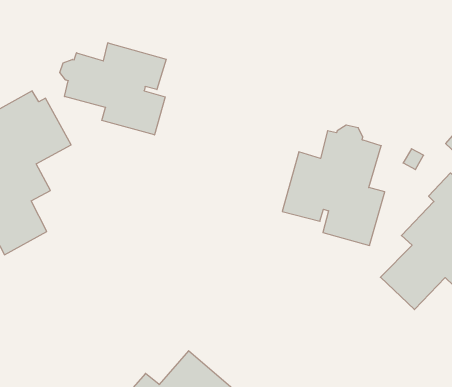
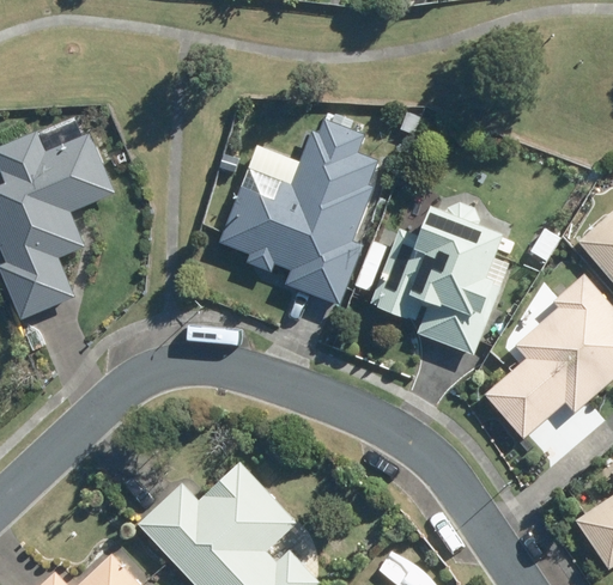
building: [60,43,166,135] -> none
building: none -> [221,115,378,305]

